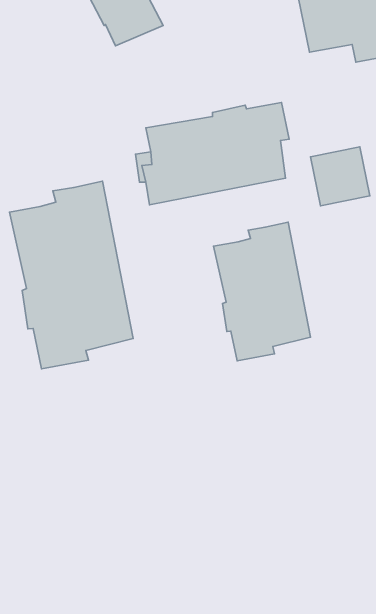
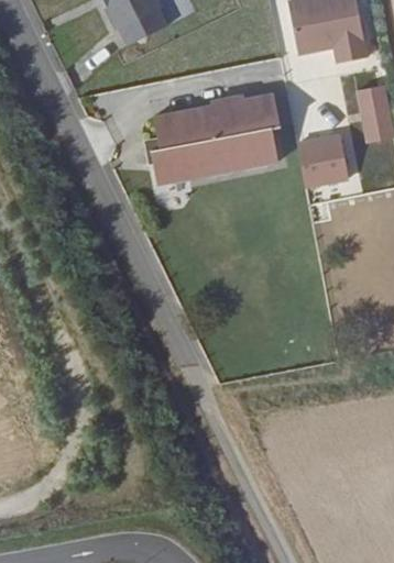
building: [10,181,133,369] -> none
building: [214,222,310,361] -> none

